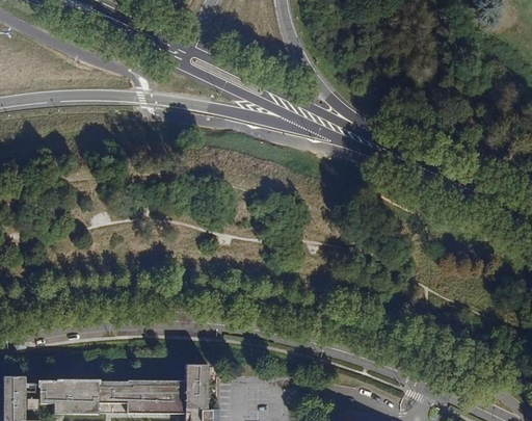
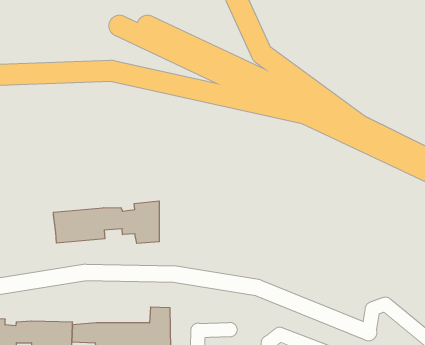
building: none -> [53,201,159,243]

